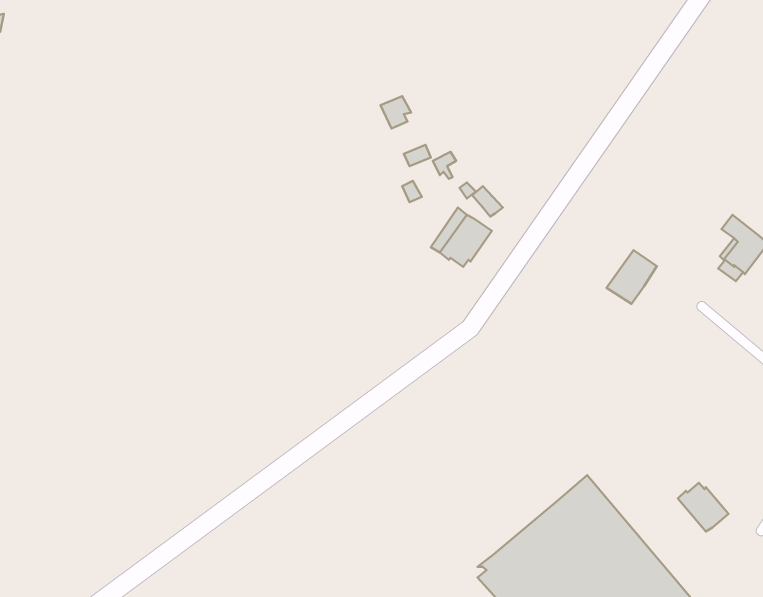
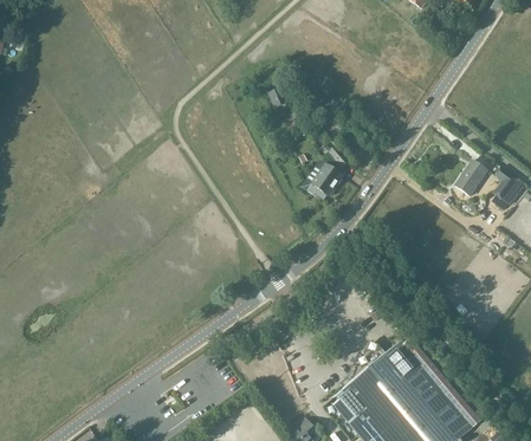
building: [606,250,657,304] -> [454,162,487,197]
building: [678,483,729,531] -> none

